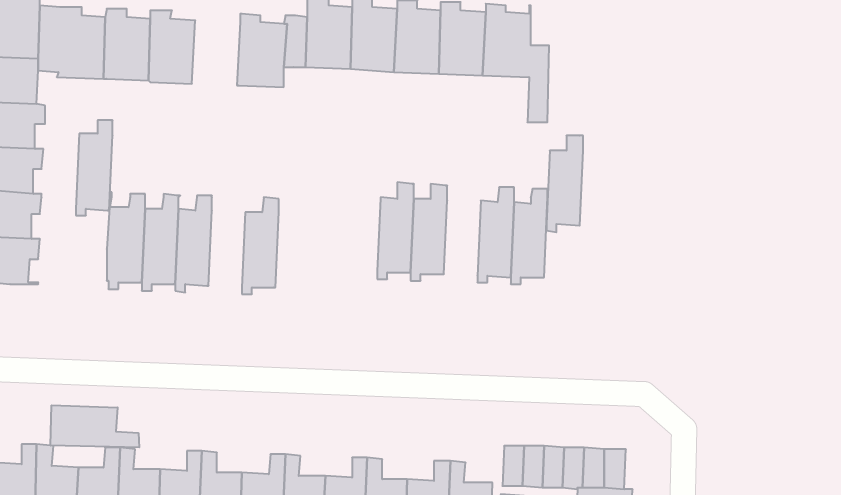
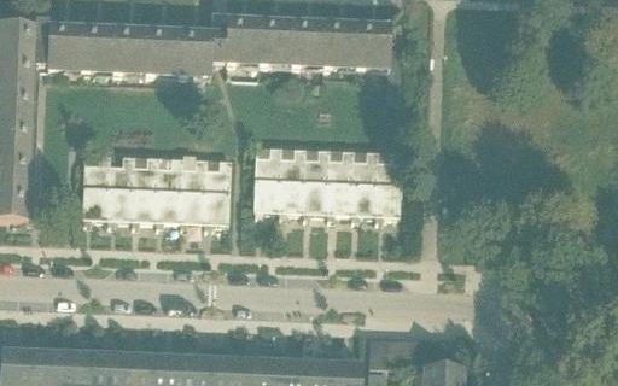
building: none -> [144,24,179,77]
building: [76,120,113,215] -> [156,158,182,227]
building: [546,136,583,232] -> [326,150,352,220]
building: none -> [252,146,280,216]
building: none -> [204,159,231,229]
building: [51,405,139,447] -> none

